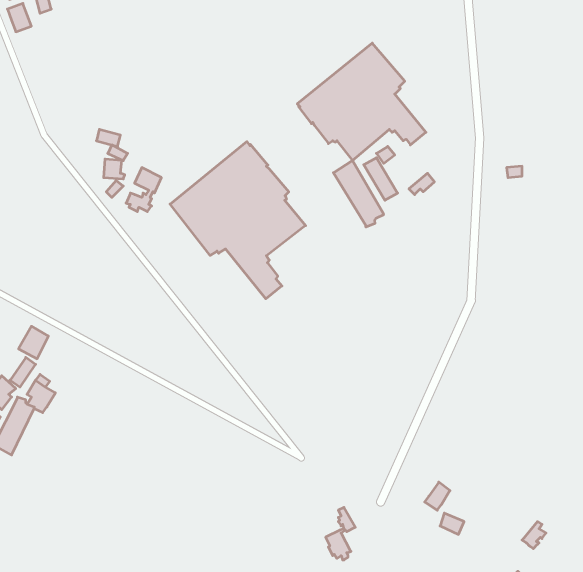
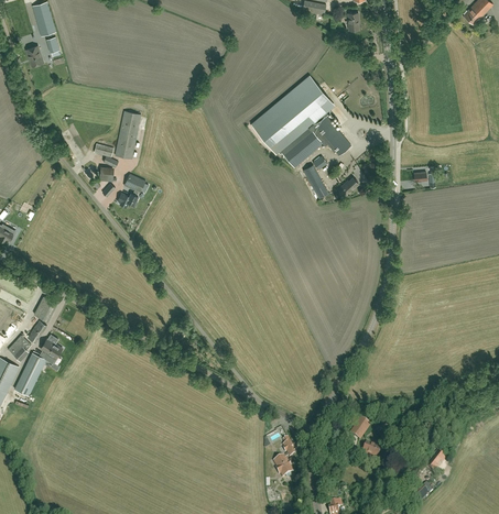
building: none -> [116,111,141,158]
building: [170,142,306,299] -> none
building: [333,161,383,227] -> none

